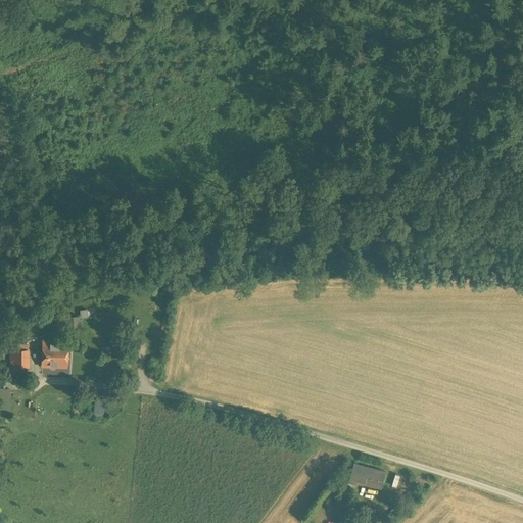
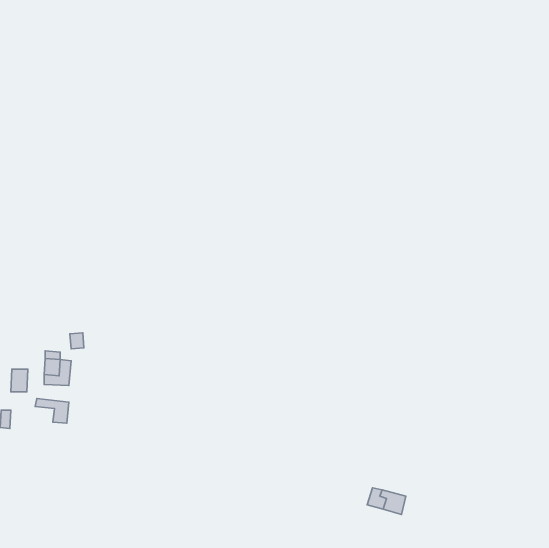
building: none -> [35,398,69,423]

